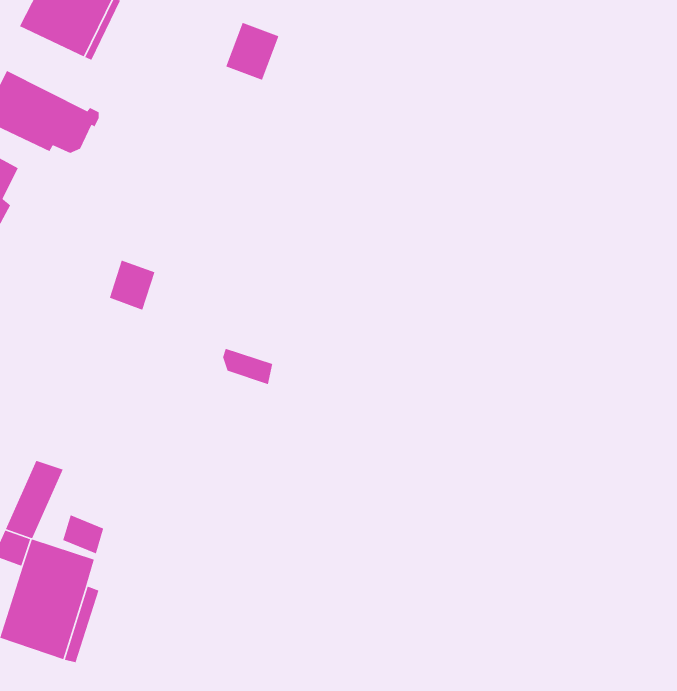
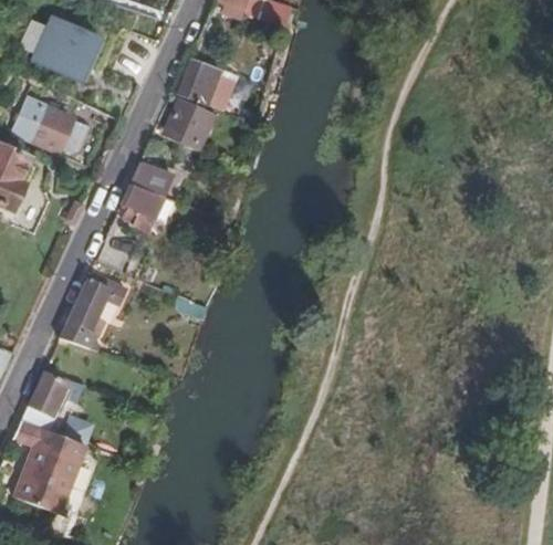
building: none -> [163,93,208,143]
building: none -> [121,164,174,230]
building: none -> [60,272,121,348]

